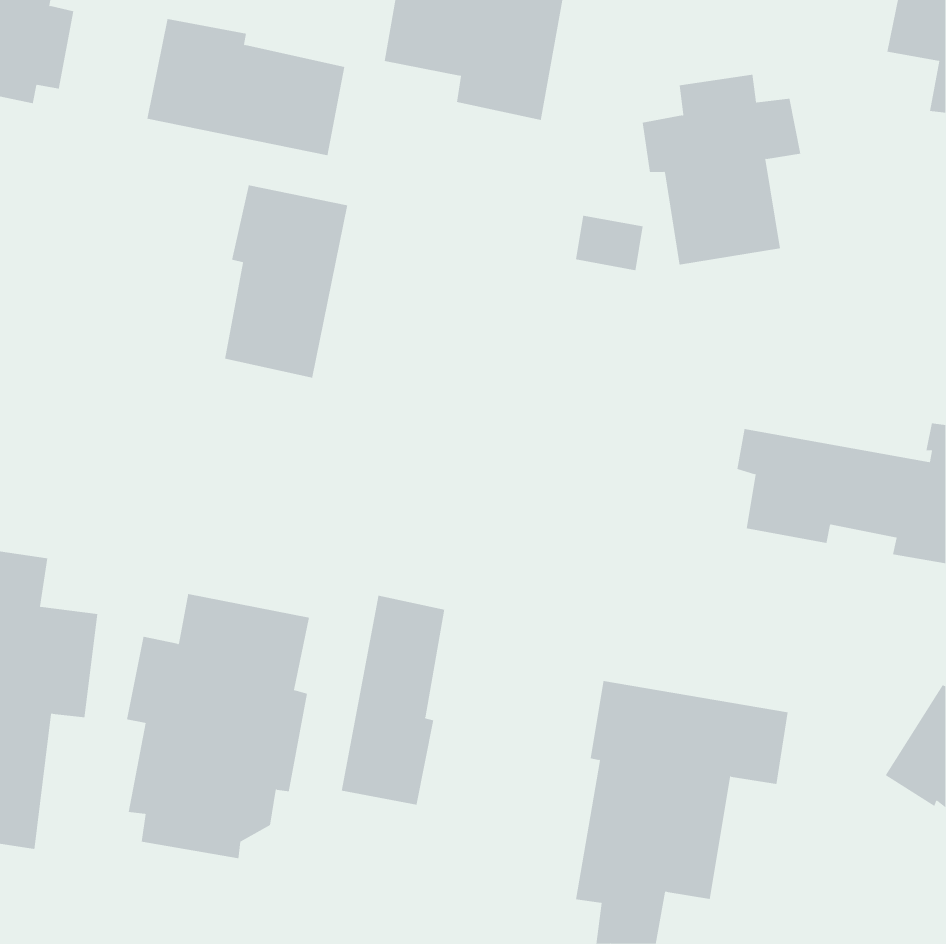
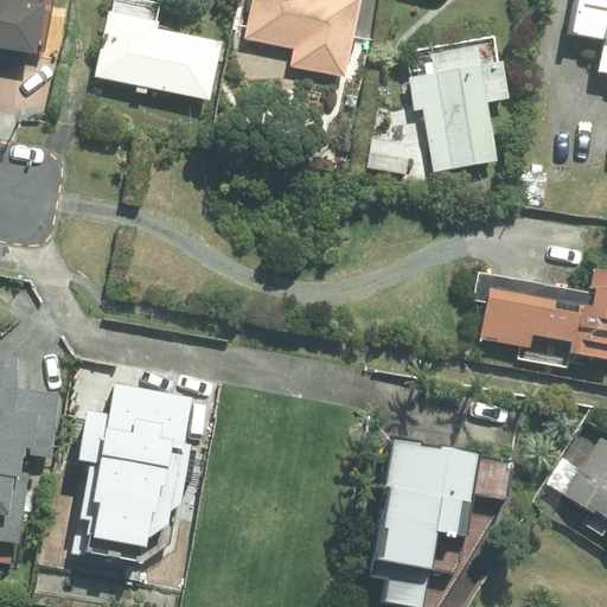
building: [225,185,348,378] -> none
building: [341,595,445,805] -> none

